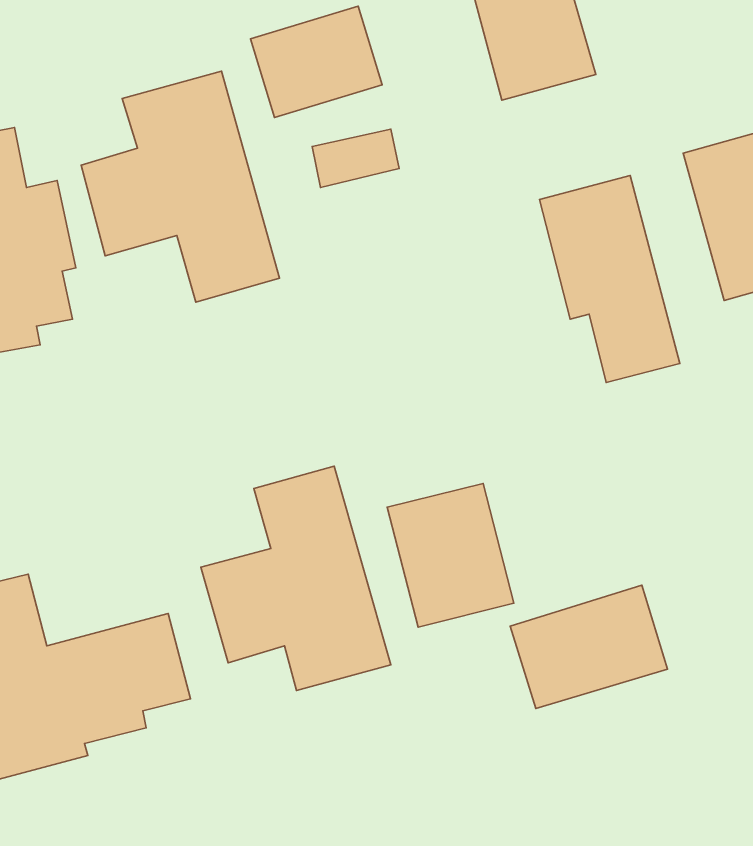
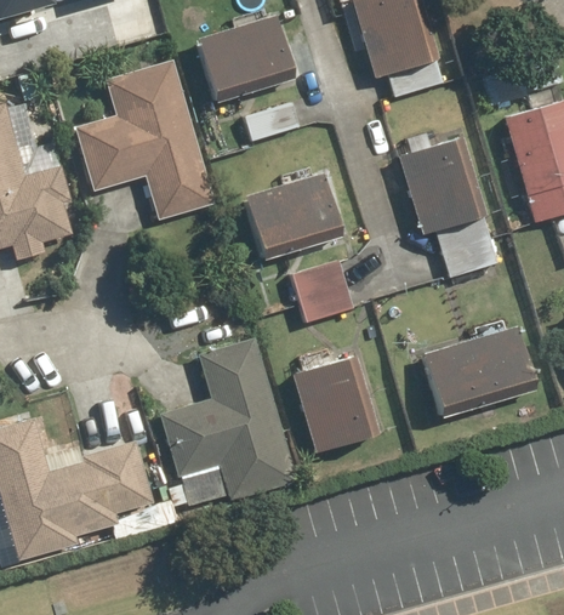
building: none -> [245,173,338,247]
building: none -> [290,257,354,323]
building: [510,585,668,708] -> [420,321,531,409]

